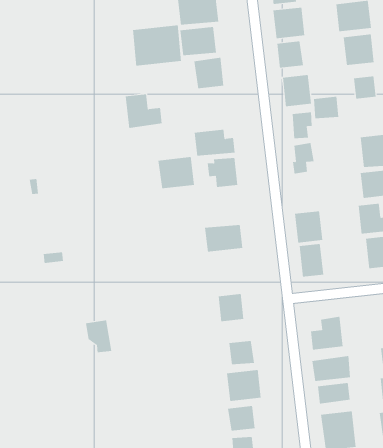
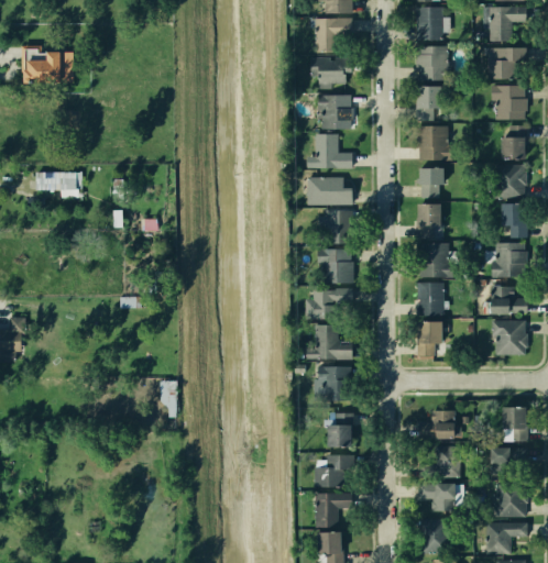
building: [133,24,182,66] -> none
building: [125,94,163,128] -> [315,132,354,169]
building: [313,96,339,119] -> [493,167,522,191]
building: [157,157,195,189] -> [321,249,361,282]
building: none -> [416,244,450,276]
building: none -> [309,323,351,362]

